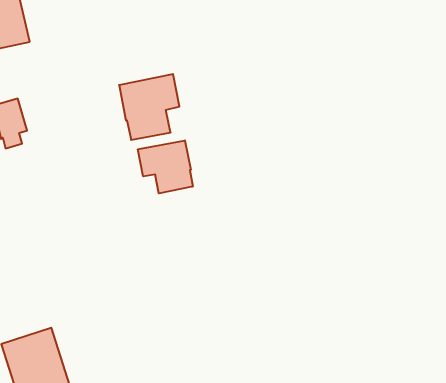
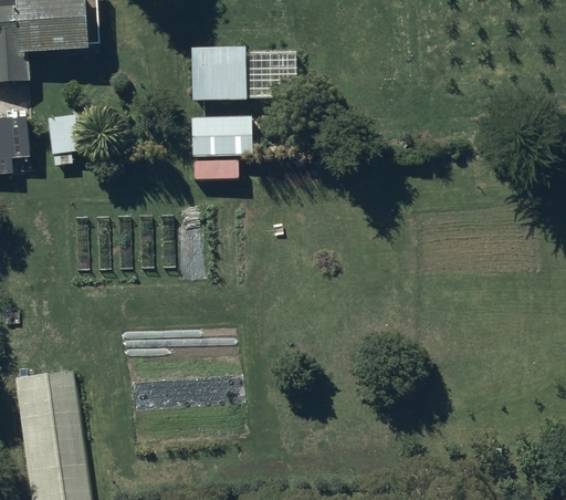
building: none -> [188,42,293,97]
building: [138,140,193,193] -> none

